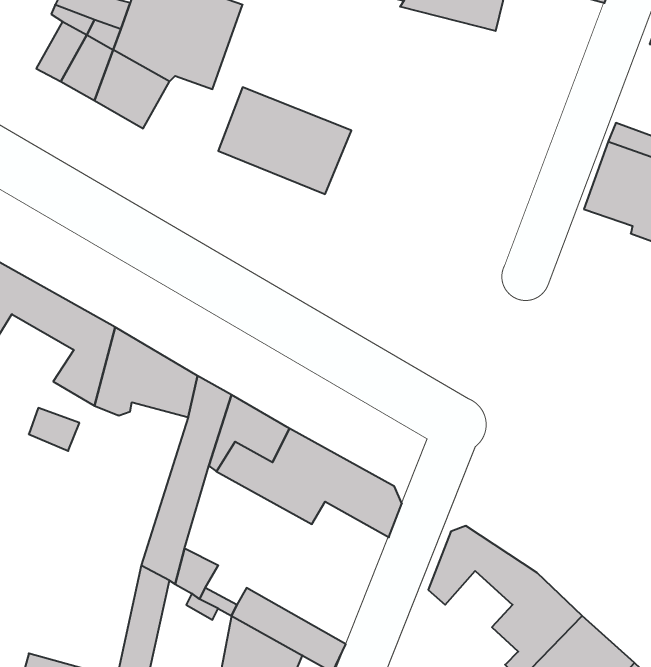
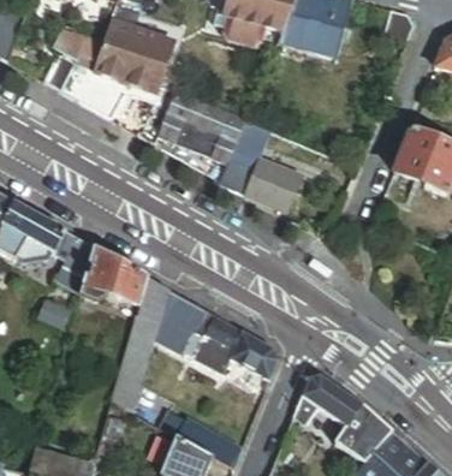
building: none -> [220,121,299,212]

